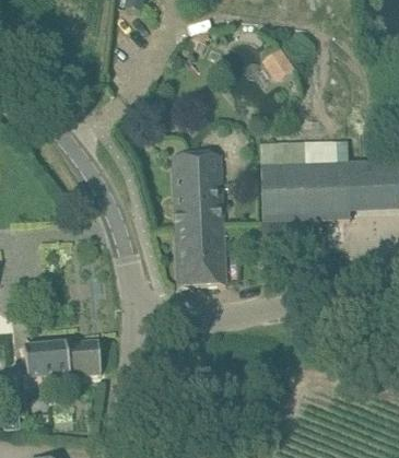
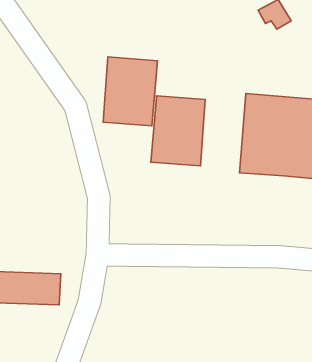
building: [175,219,226,285] -> [103,57,157,126]

